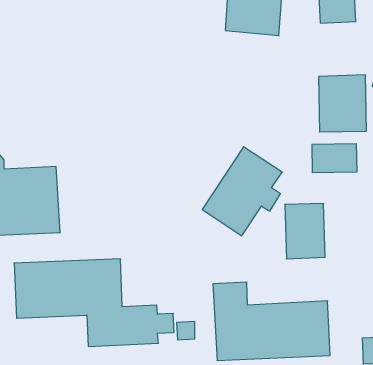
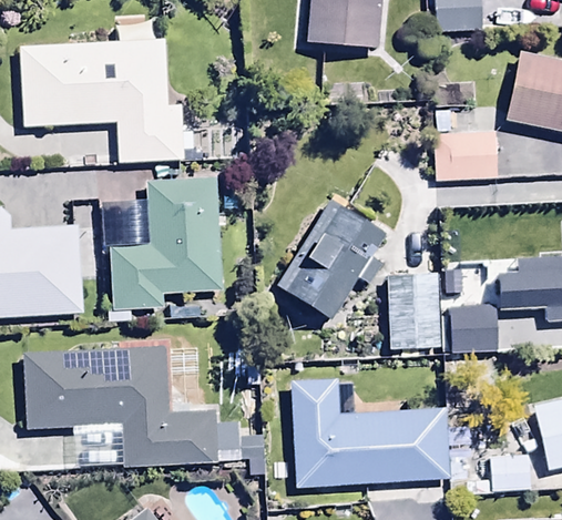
building: none -> [21,39,185,163]
building: none -> [111,176,223,310]
building: [312,144,357,173] -> none
building: none -> [451,304,498,353]

